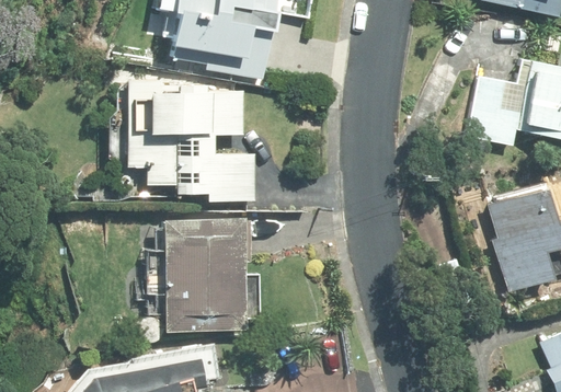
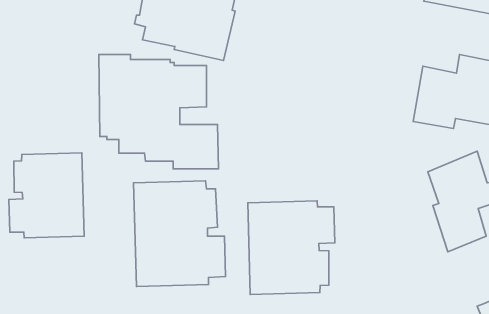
building: none -> [9,153,84,238]
building: none -> [248,201,335,294]

